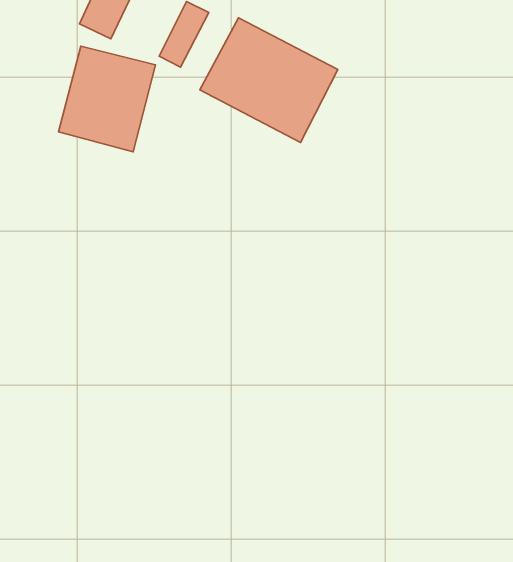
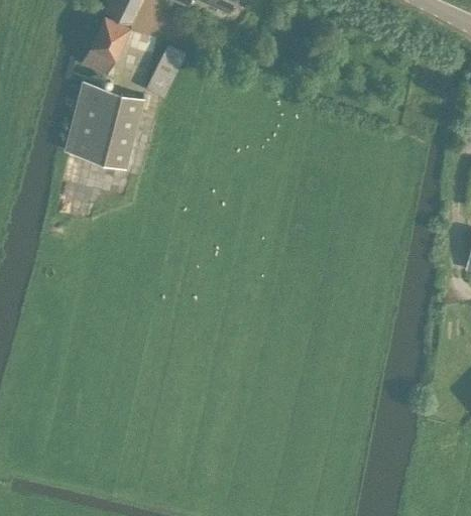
building: [200,18,338,142] -> none

